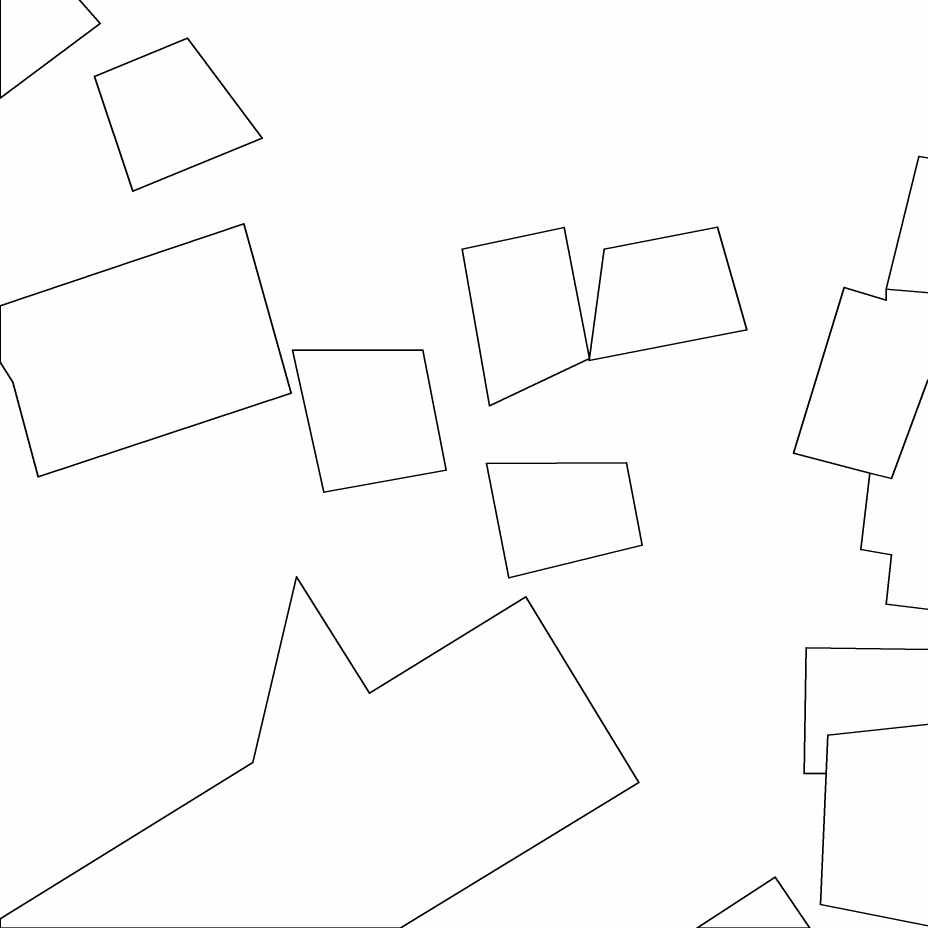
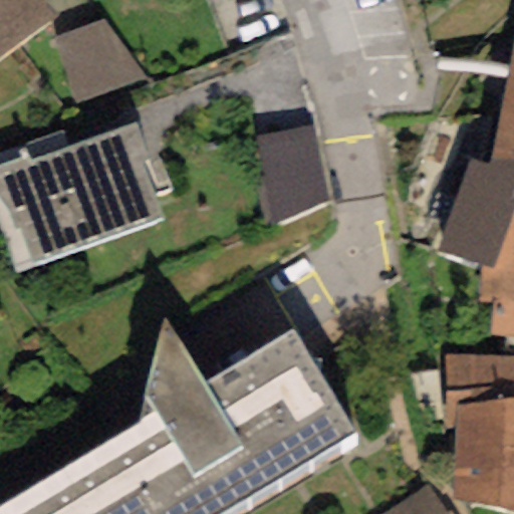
building: [589,227,747,361] -> none
building: [293,350,446,492] -> none
building: [486,463,642,578] -> none

